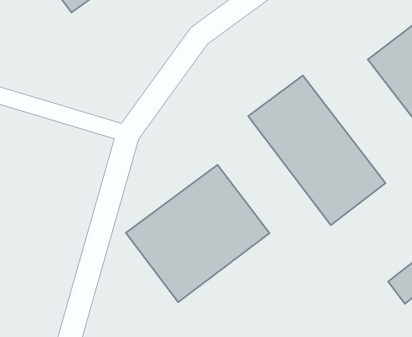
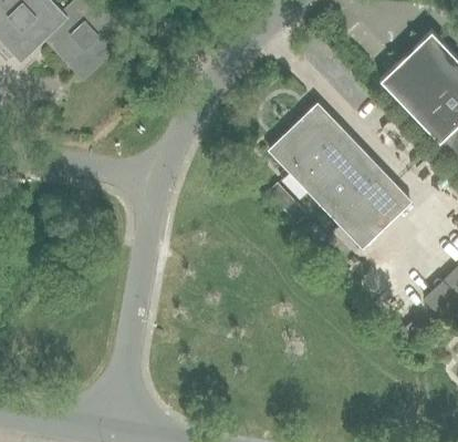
building: [126,165,270,302] -> none

